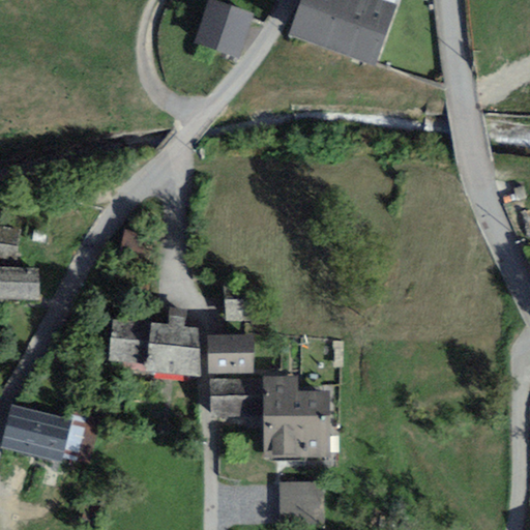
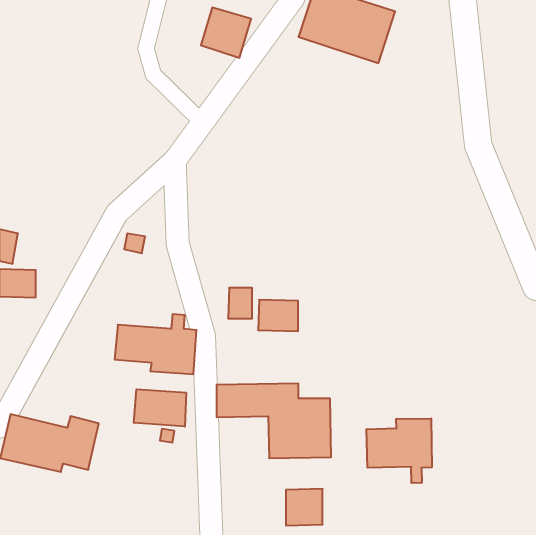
building: [210,334,249,365] -> [258,300,298,331]
building: none -> [134,389,186,427]
building: none -> [367,418,432,483]

